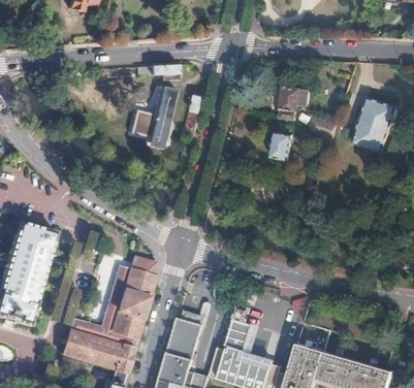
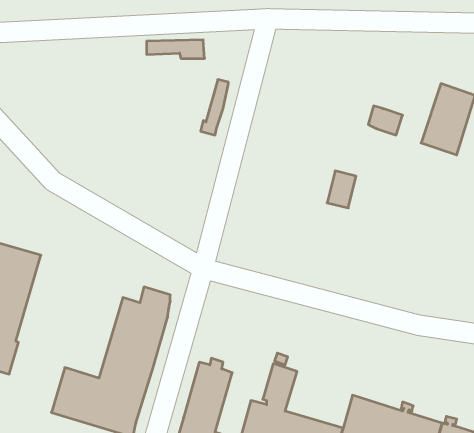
building: [132,84,178,149] -> none
building: [281,87,300,119] -> none
building: [270,130,293,159] -> [327,171,356,208]

